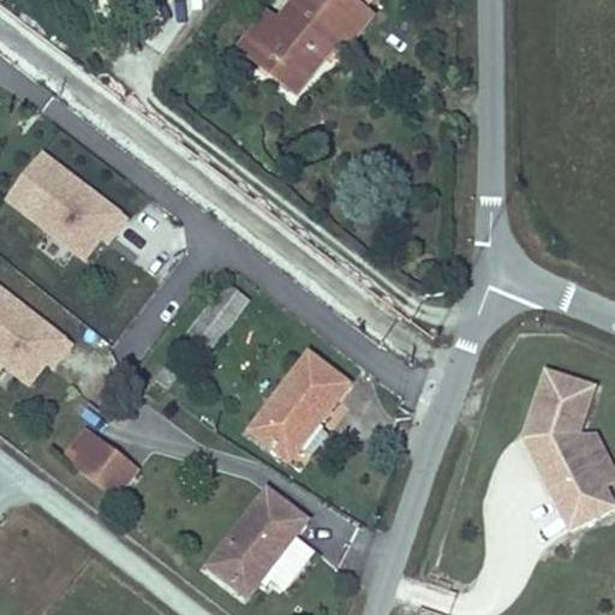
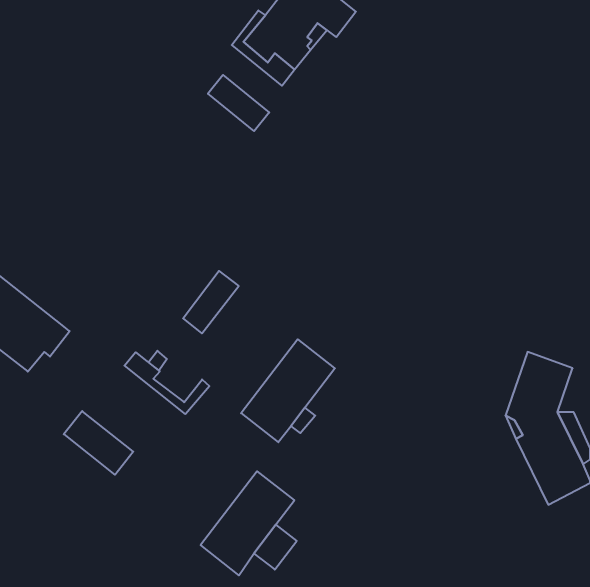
building: none -> [208,75,269,131]
building: [5,151,127,261] -> none
building: none -> [124,352,209,414]

